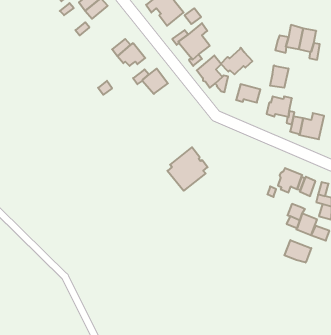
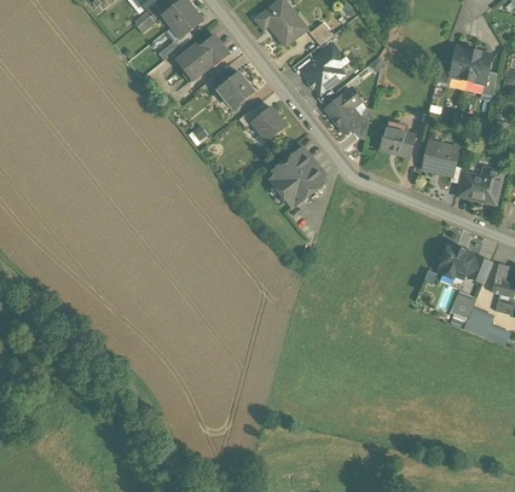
building: none -> [174,33,228,80]
building: [221,48,252,74] -> none
building: [270,65,288,88] -> none
building: [167,147,208,191] -> [268,146,324,207]
building: [284,240,311,263] -> none

